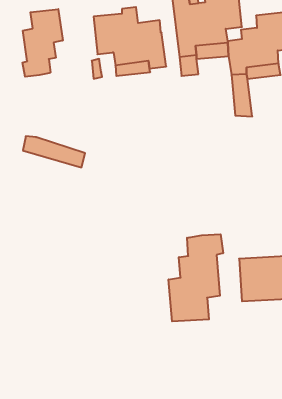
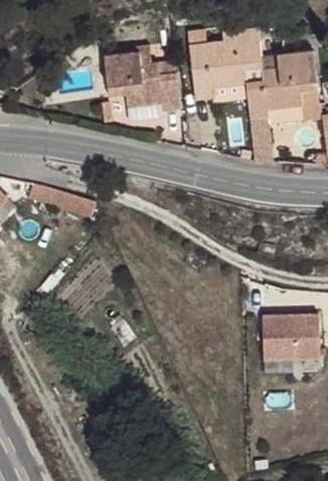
building: [22,9,63,77] -> none
building: [169,234,223,321] -> none

